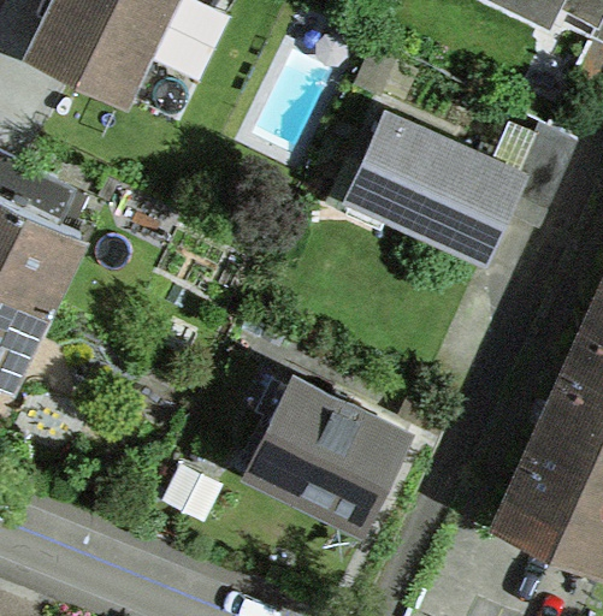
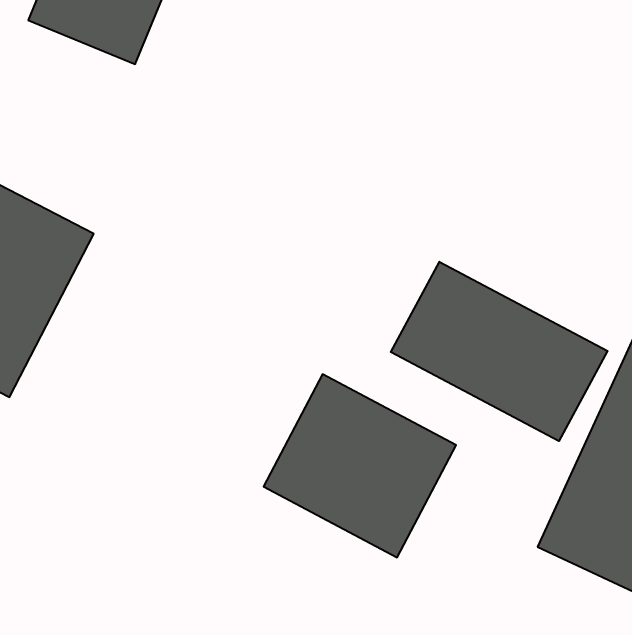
building: [350,118,518,255] -> none
building: none -> [391,262,608,441]

